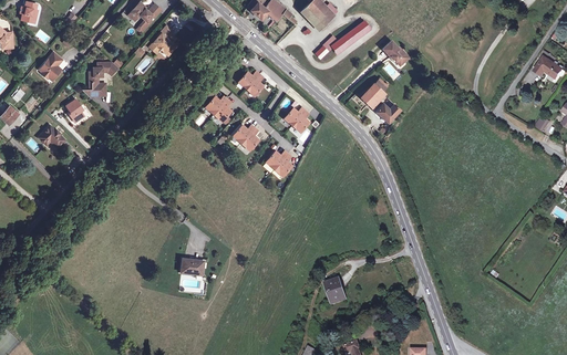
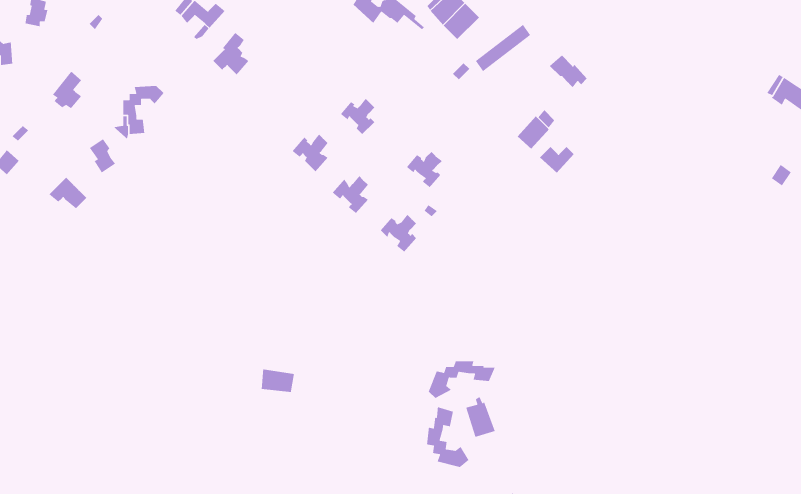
building: none -> [428,360,496,399]
building: none -> [426,406,469,468]

